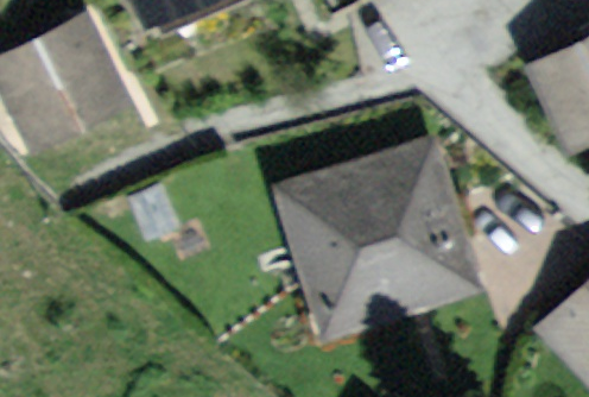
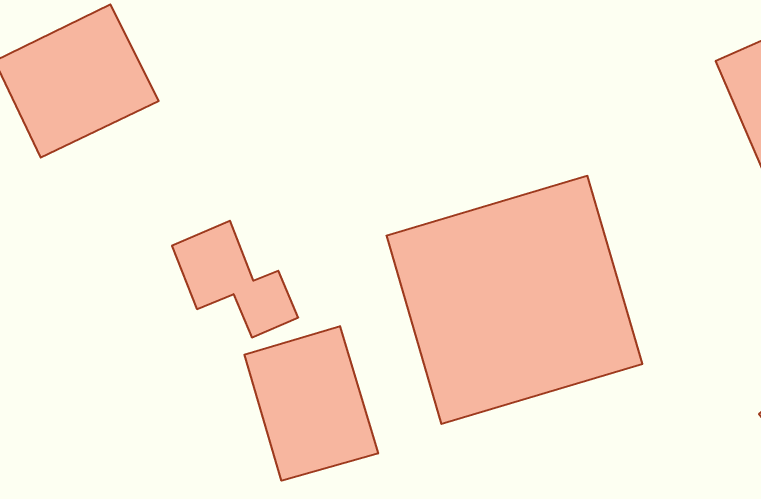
building: none -> [244,326,378,481]

